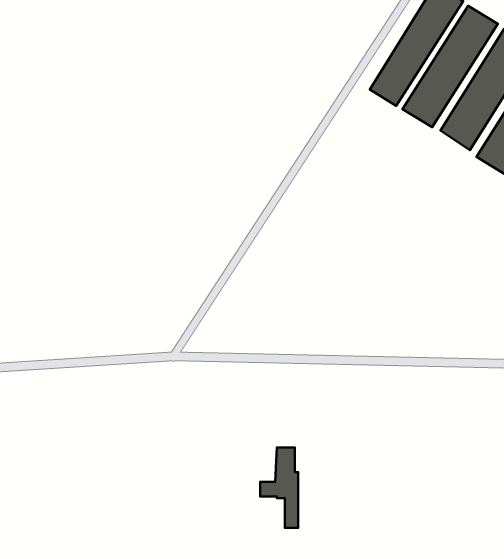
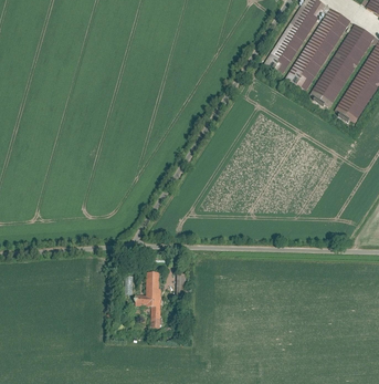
building: [260,447,298,528] -> [136,272,161,326]

